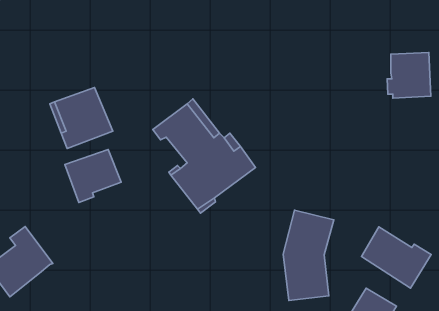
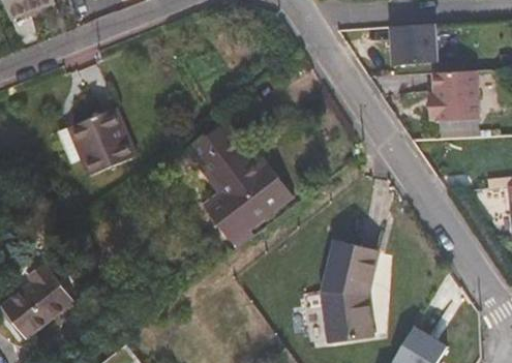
building: none -> [387,23,435,65]
building: [65,150,121,202] -> none
building: [362,227,431,288] -> none

